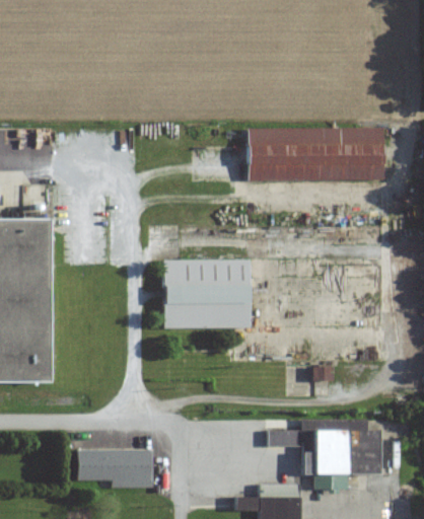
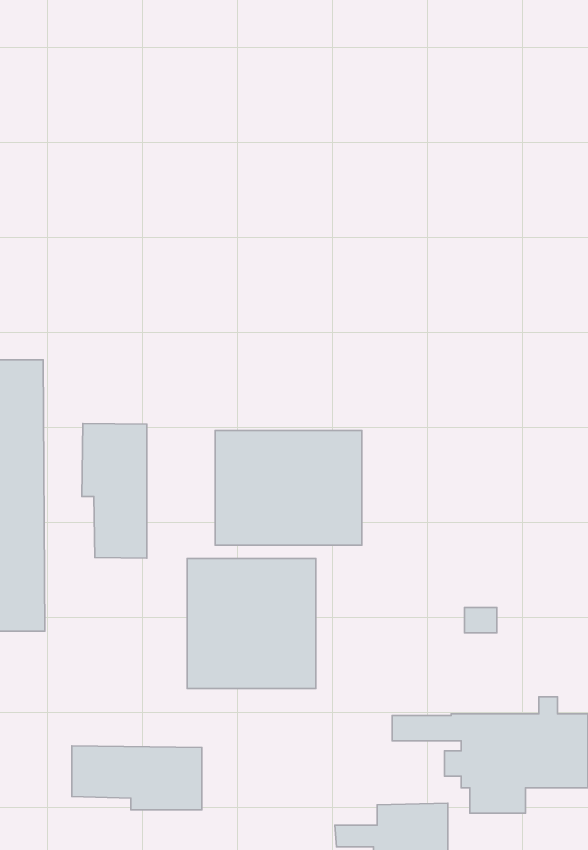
building: [240,127,376,180] -> none
building: none -> [82,423,147,558]
building: none -> [187,558,316,688]

